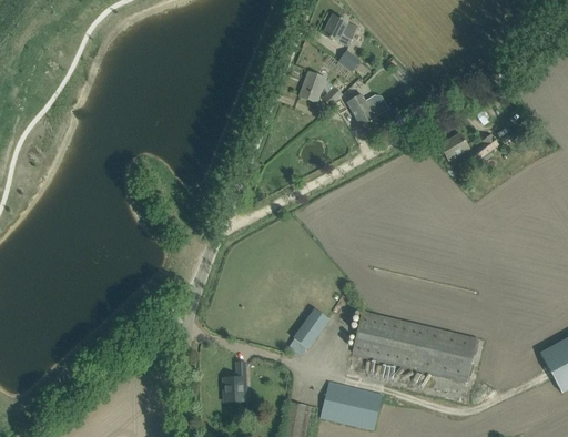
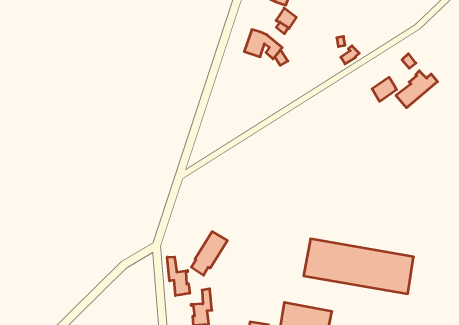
building: [347,93,386,125] -> none
building: [288,307,331,356] -> [191,232,227,275]
building: none -> [167,257,190,296]

